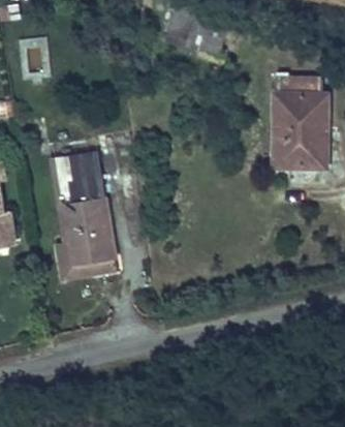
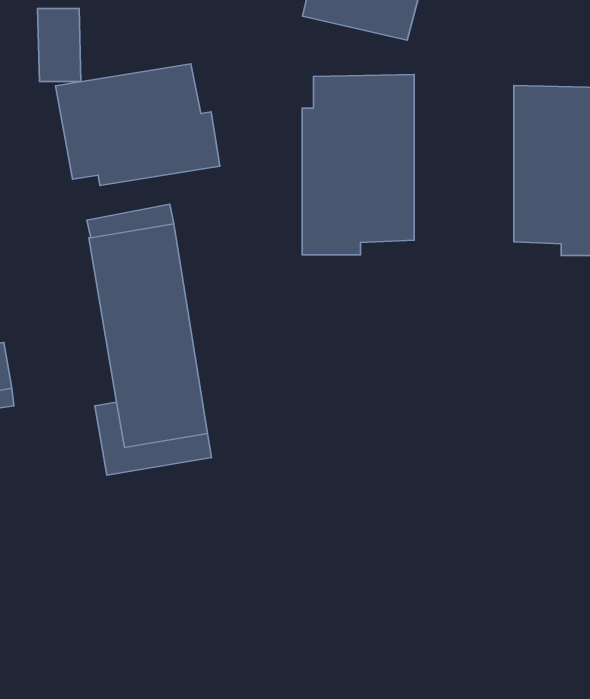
building: none -> [55,64,220,186]
building: none -> [302,74,414,255]

